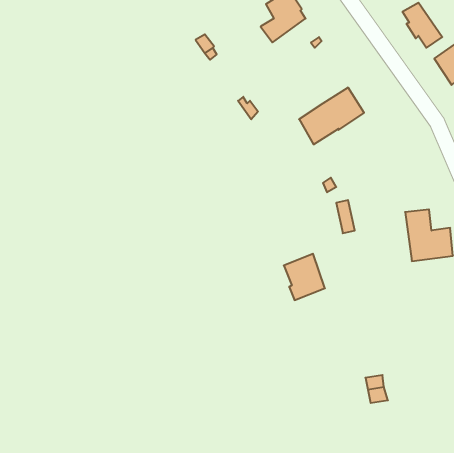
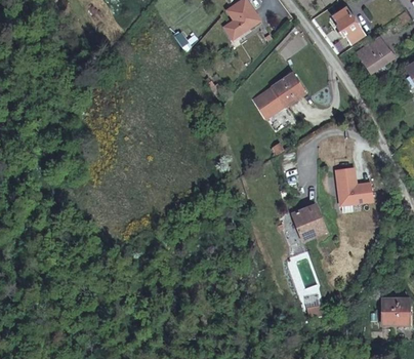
building: [284,254,325,300] -> [294,205,326,241]

